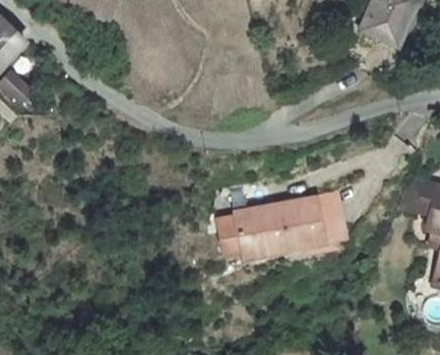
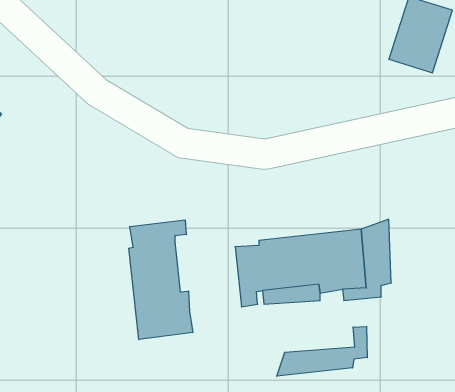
building: none -> [129,220,193,340]
building: none -> [277,326,367,376]

